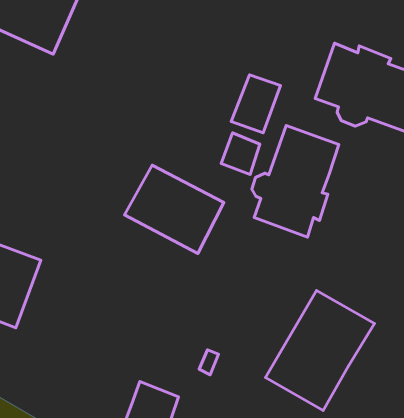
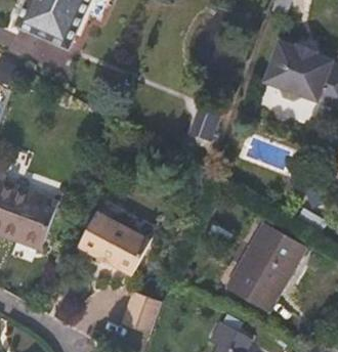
building: [231,75,280,133] -> none
building: [252,126,339,237] -> none
building: [125,165,224,254] -> [77,211,151,276]

